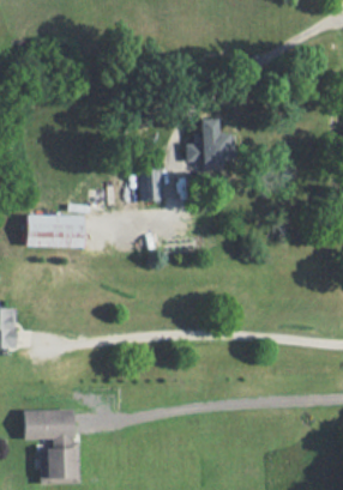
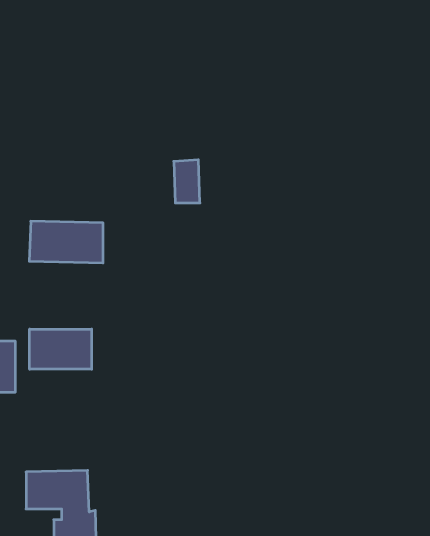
building: [186,119,235,163] -> none
building: none -> [30,329,92,369]

